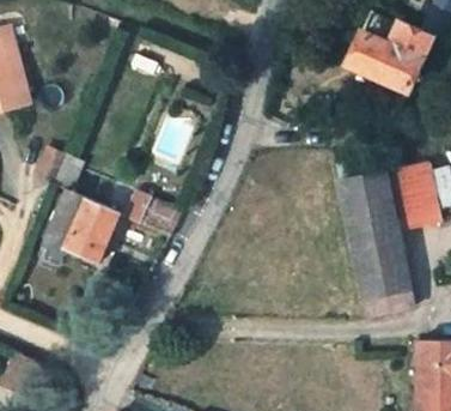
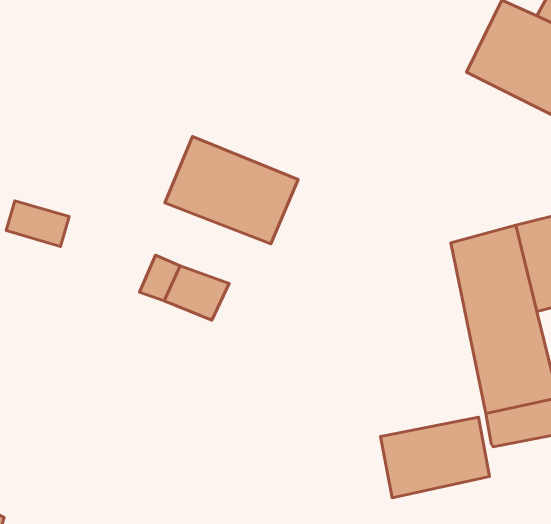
building: none -> [165,136,298,244]
building: [48,193,121,262] -> none
building: none -> [380,417,489,498]

